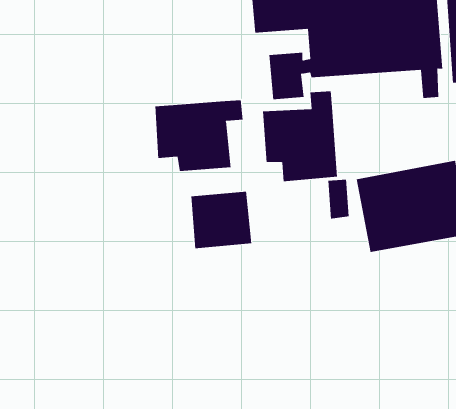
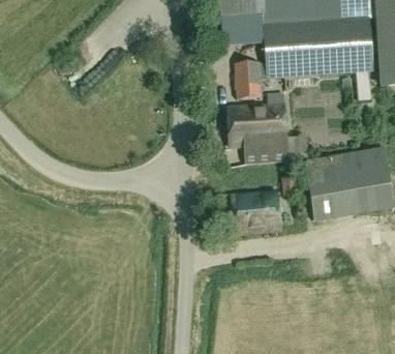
building: [155,99,243,172] -> none
building: [190,191,252,249] -> [232,189,281,236]

